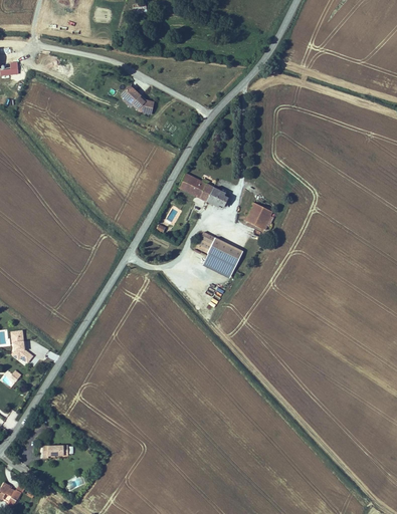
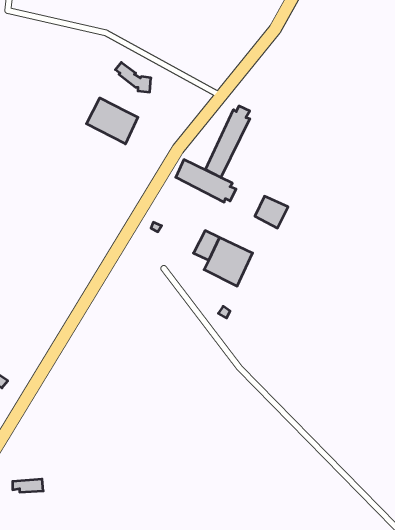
building: none -> [86,98,138,144]
building: none -> [205,106,250,178]

